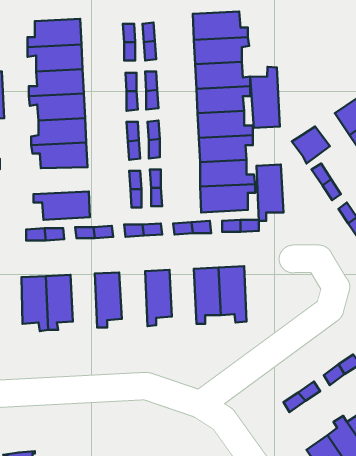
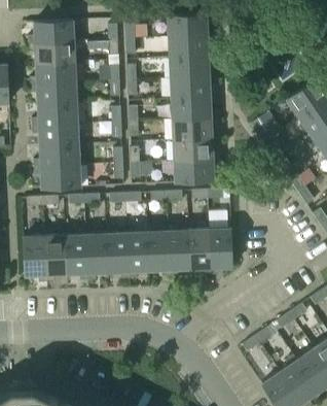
building: [250,67,280,128] -> none
building: [256,165,283,221] -> [210,228,232,275]
building: none -> [32,145,79,168]
building: none -> [147,231,170,277]
building: none -> [105,233,129,279]
building: none -> [64,235,86,281]

